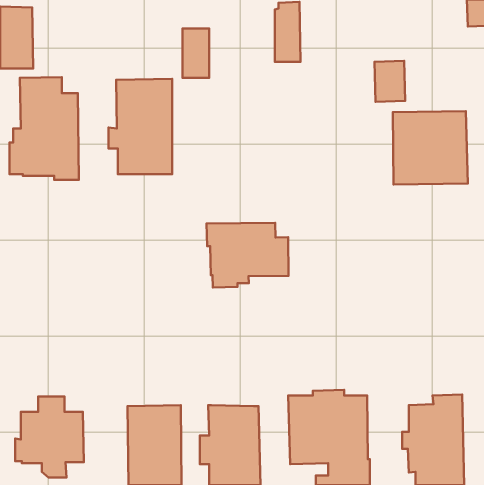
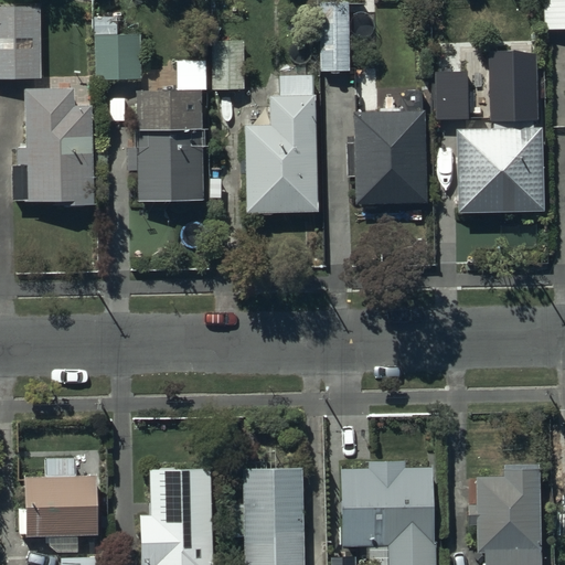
building: none -> [96,18,140,82]
building: none -> [491,50,542,119]
building: none -> [245,77,319,215]
building: none -> [348,111,427,206]
building: [207,223,288,287] -> none

